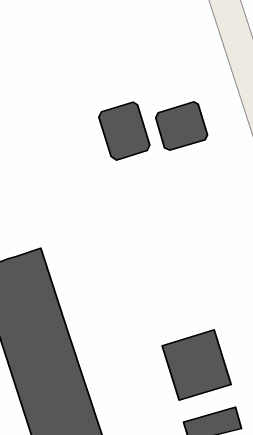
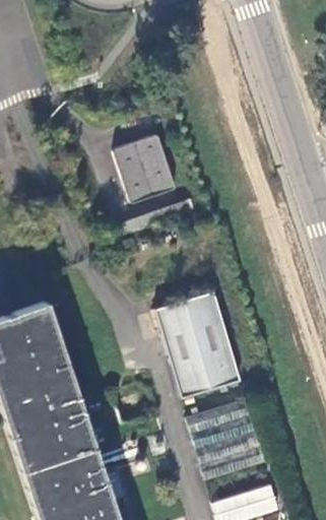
building: [156,102,208,150] -> none
building: none -> [156,289,242,396]

